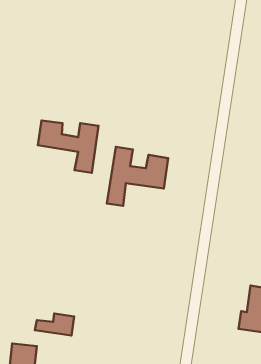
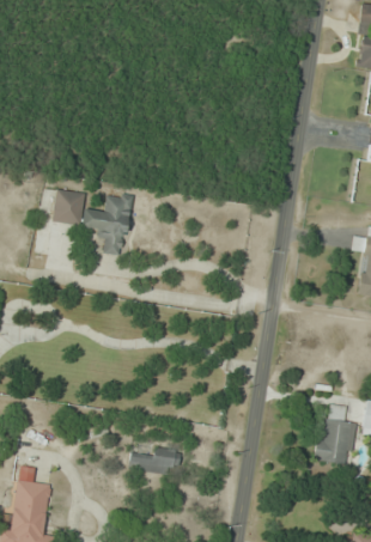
building: [107,147,168,206] -> none
building: [35,314,74,336] -> [128,446,180,475]

